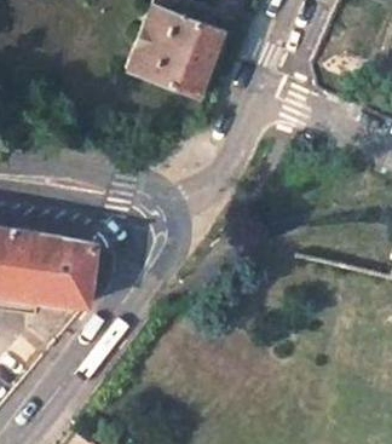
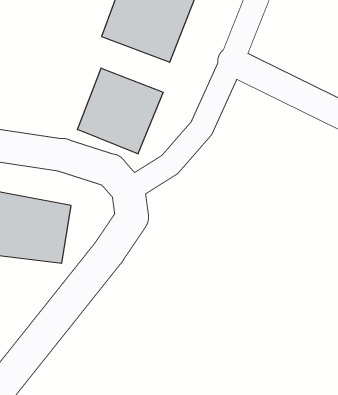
building: none -> [77,68,163,154]

